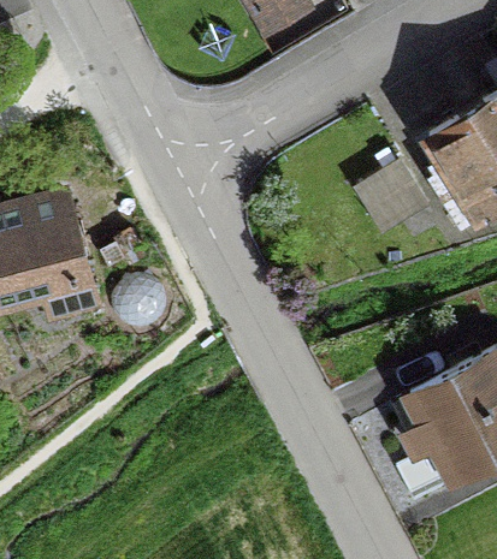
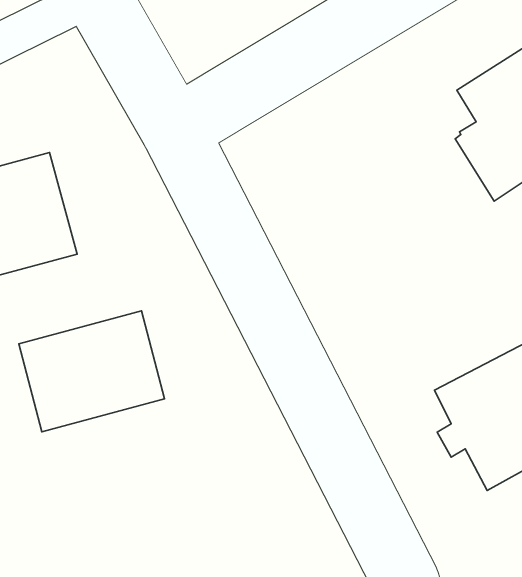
building: none -> [19,311,164,432]

